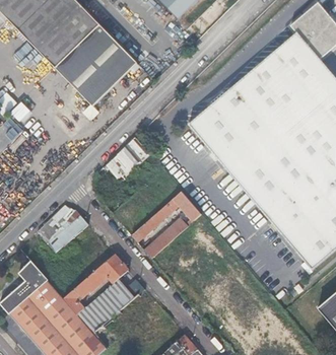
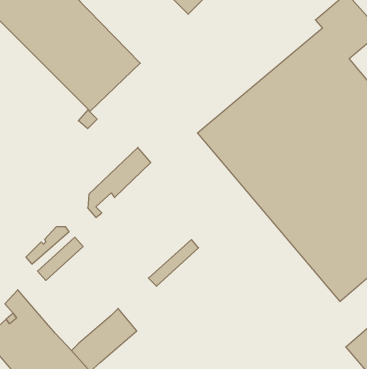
building: [133,192,201,242] -> none
building: [64,254,128,313] -> none

